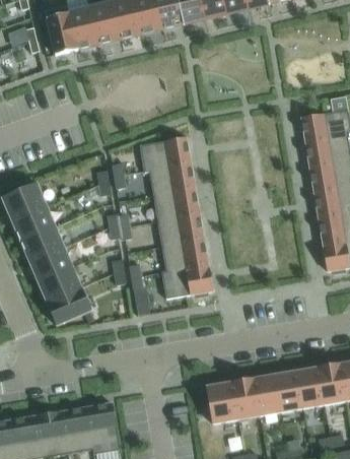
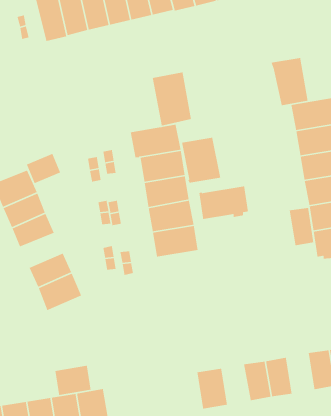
building: none -> [270,57,308,106]
building: none -> [152,71,192,126]
building: none -> [181,137,221,184]
building: none -> [26,153,61,184]
building: none -> [289,207,314,246]
building: [28,247,72,281] -> none
building: [161,264,212,299] -> [198,185,249,220]
building: [296,367,324,408] -> none
building: [231,378,260,419] -> none
building: none -> [55,365,92,396]

